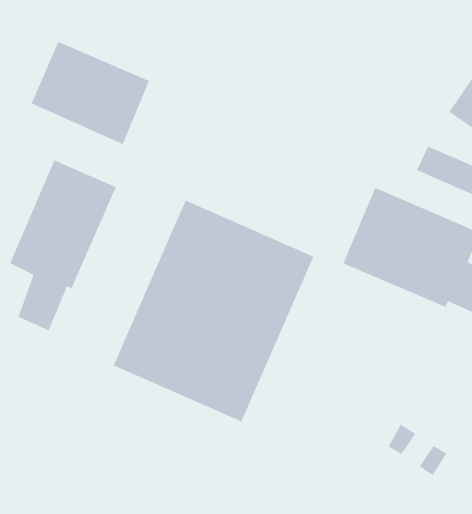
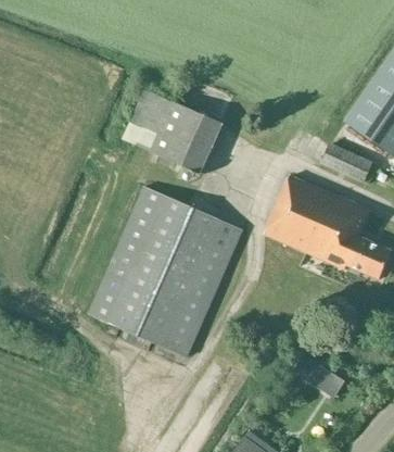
building: [31,41,150,145] -> [125,88,216,167]
building: [9,159,117,331] -> none

